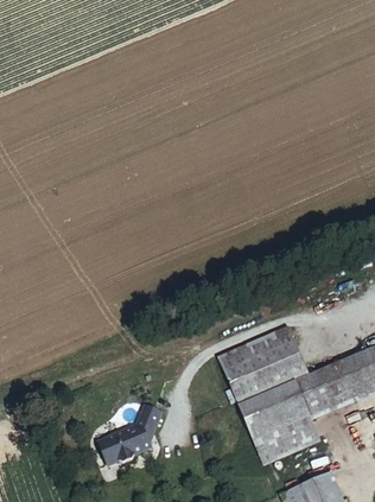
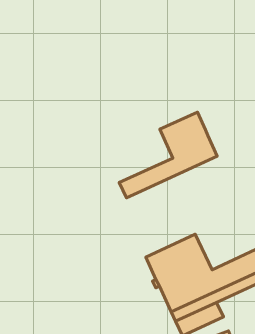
building: none -> [119,112,217,198]
building: [97,401,158,458] -> none

